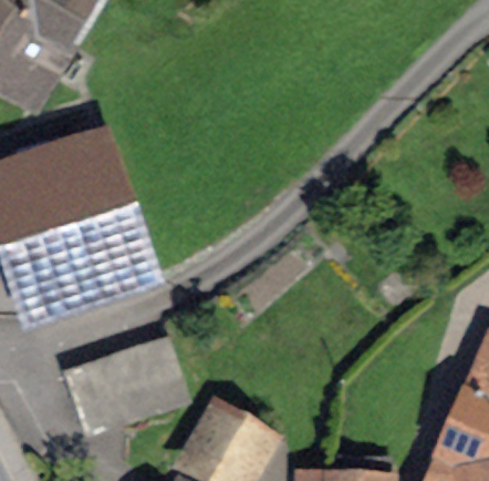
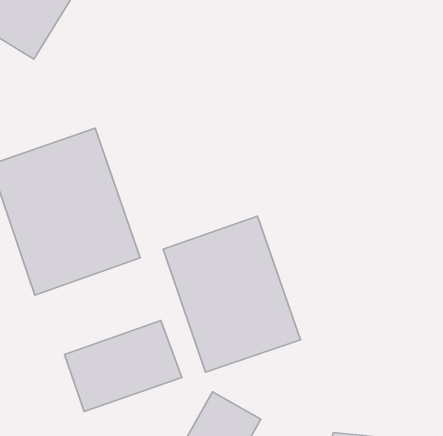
building: none -> [163,216,301,372]

